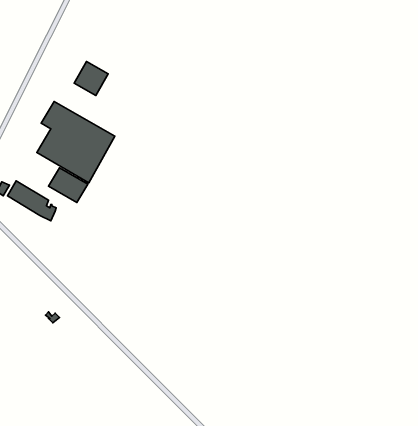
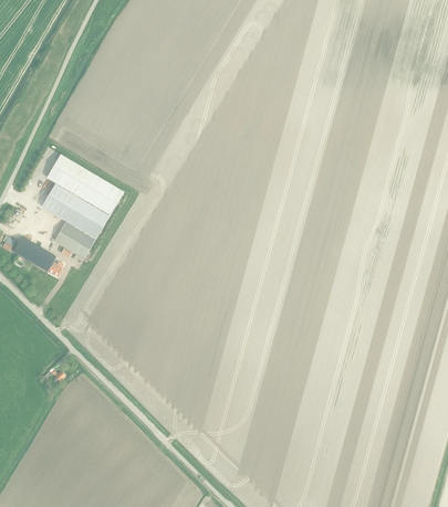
building: [74,62,108,96] -> none

